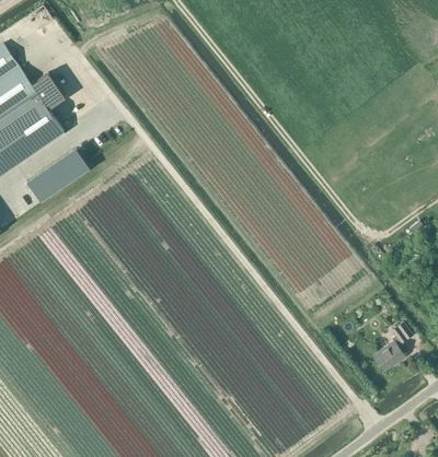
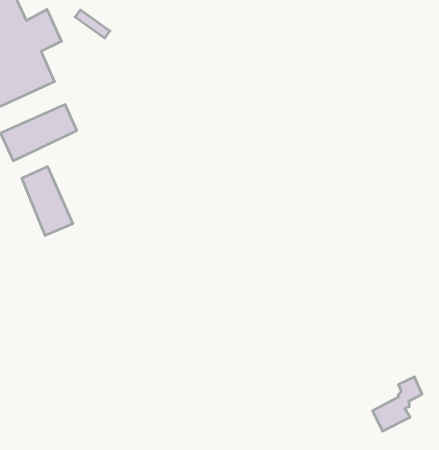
building: none -> [22,167,73,236]

